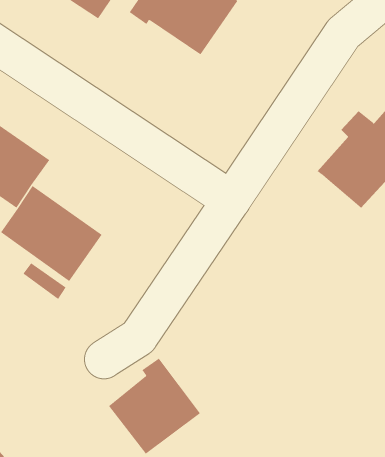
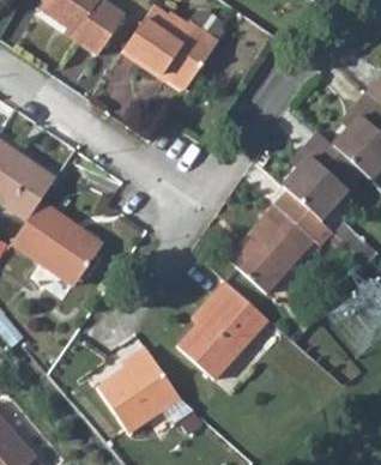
building: none -> [231,189,333,292]
building: none -> [181,282,272,379]

